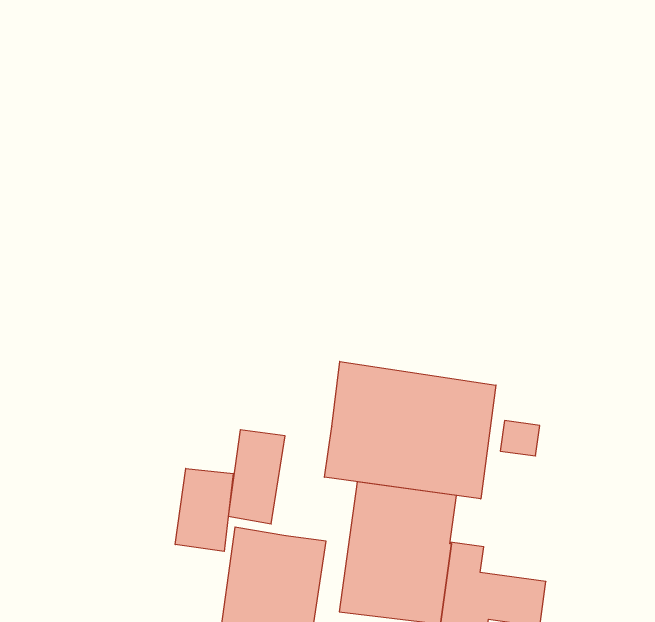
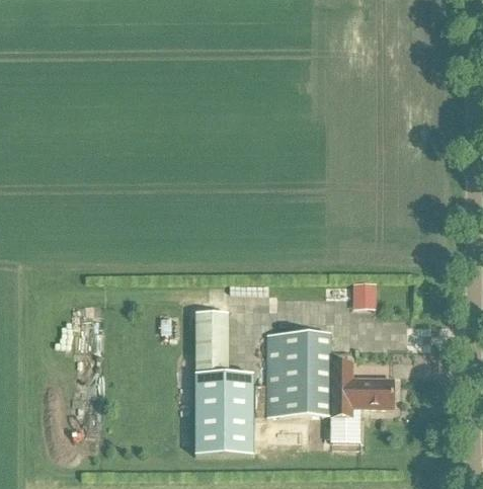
building: [324,361,496,499] -> none
building: [175,468,233,551] -> none

